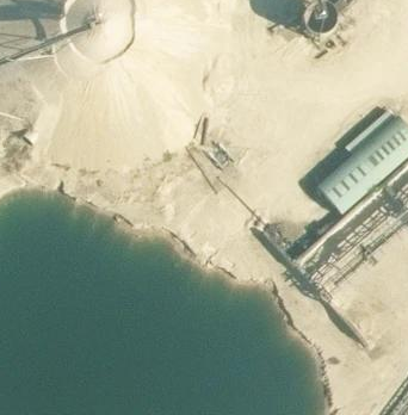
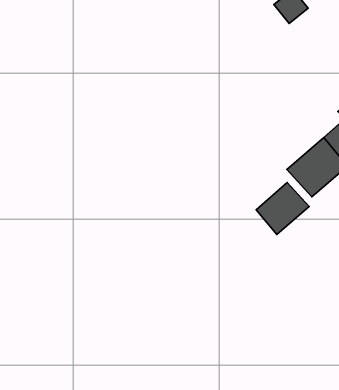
building: none -> [256,182,309,235]

